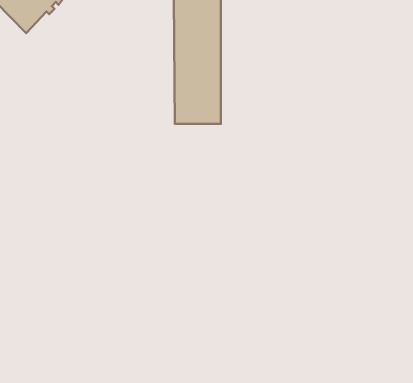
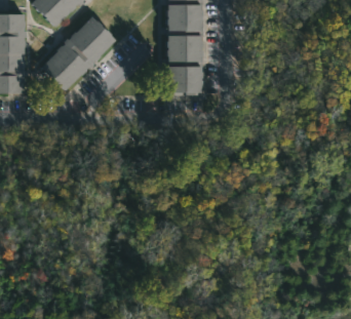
building: none -> [42,16,116,90]

